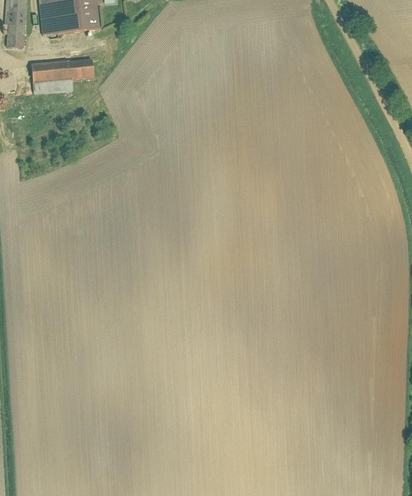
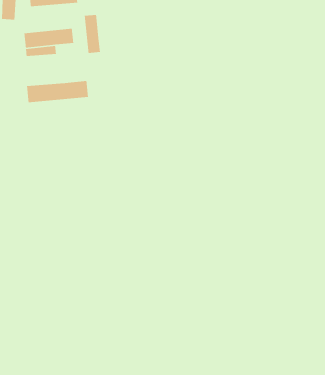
building: none -> [84,14,101,54]
building: none -> [26,80,89,103]

